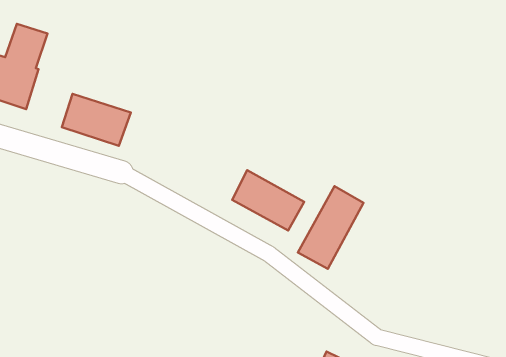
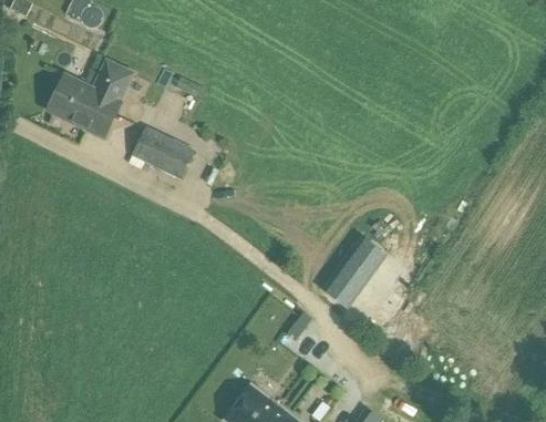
building: [232,170,304,231] -> none

